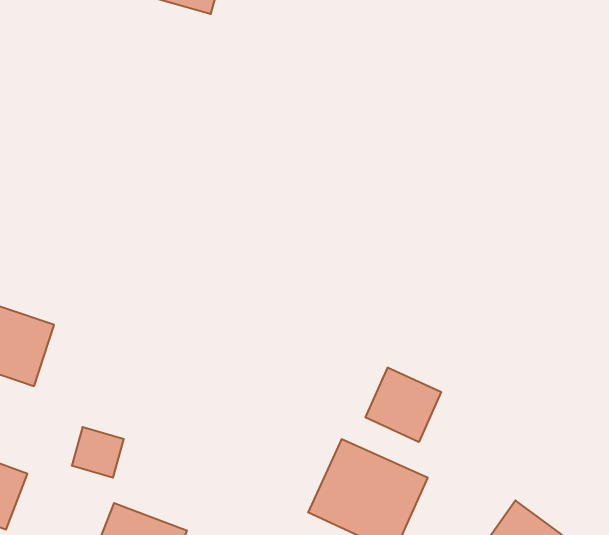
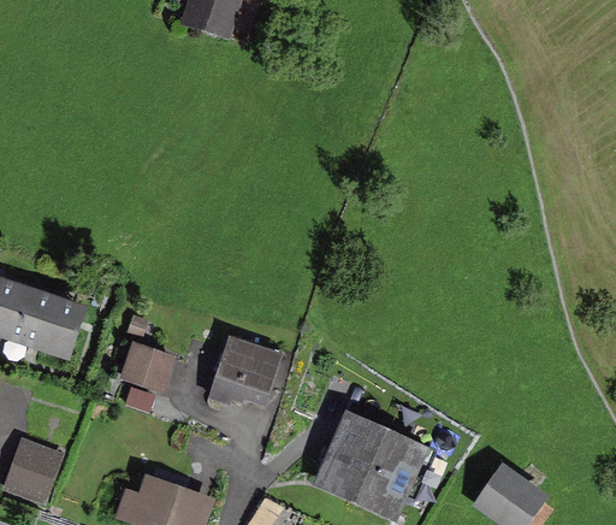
building: none -> [207,320,279,397]
building: [366,367,441,442] -> none
building: [72,427,124,478] -> [124,343,171,389]

